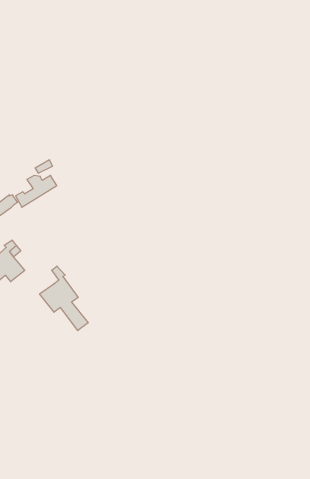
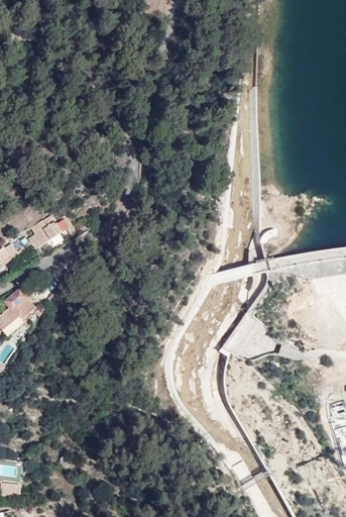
building: [40,266,88,331] -> none

